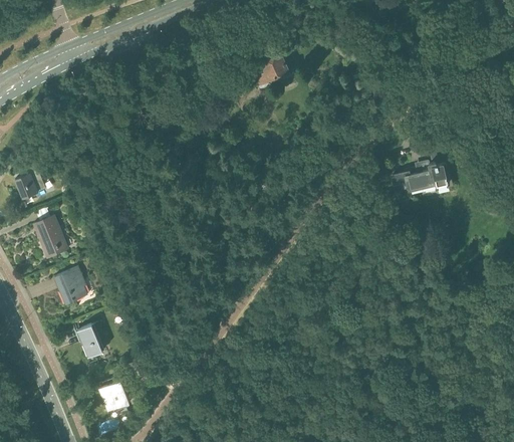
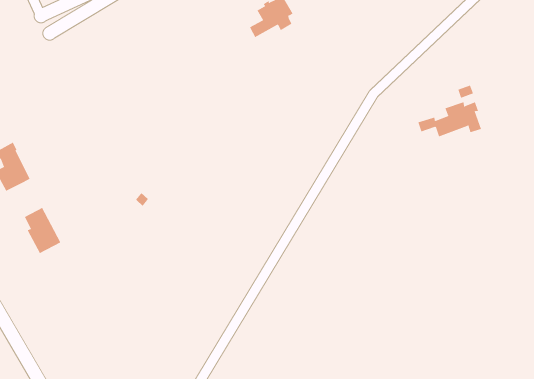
building: [54,267,87,304] -> none
building: [77,324,104,358] -> none

